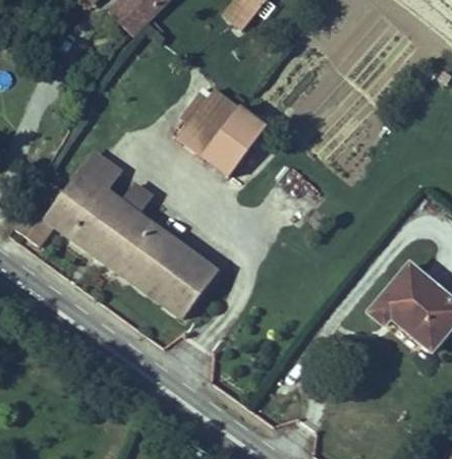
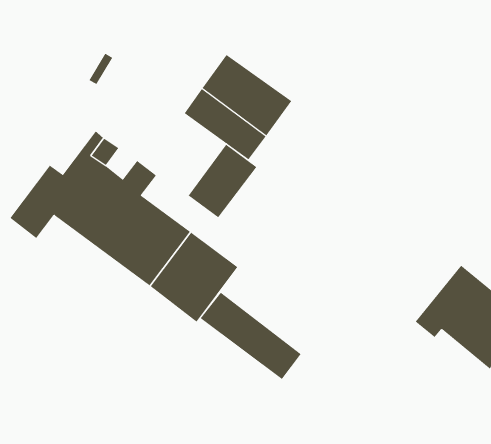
building: none -> [188,144,257,218]
building: none -> [200,292,301,380]

